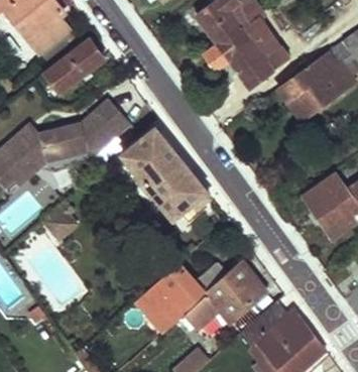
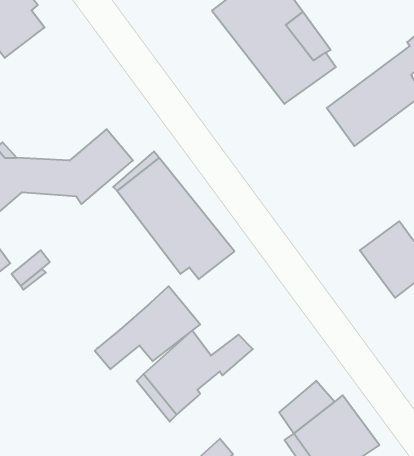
building: [45,41,101,91] -> none
building: [184,262,264,326] -> [95,286,200,369]

